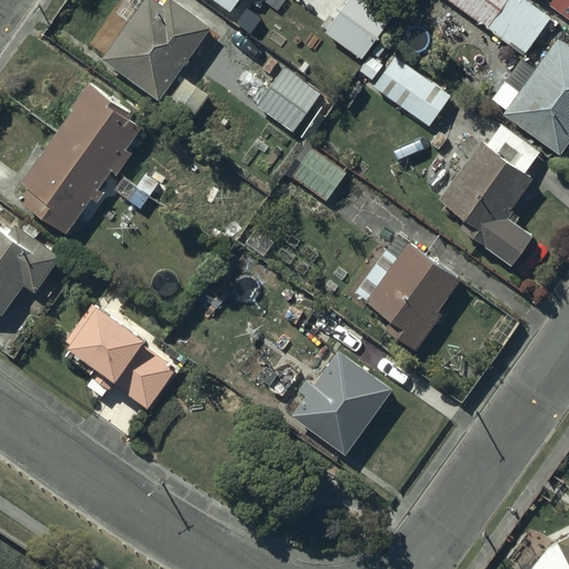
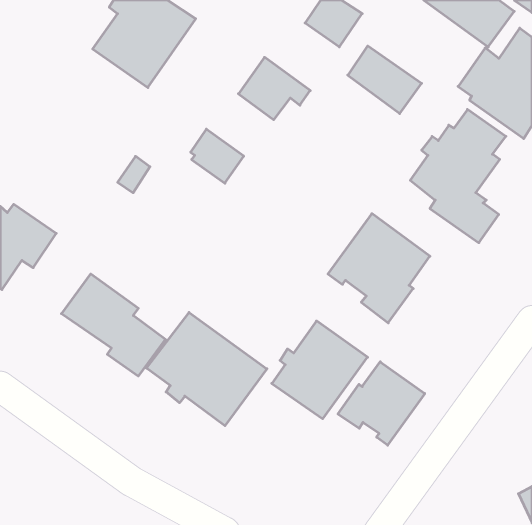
building: [20,83,142,234] -> none
building: [289,146,346,203] -> [191,129,244,183]
building: none -> [147,312,267,426]
building: none -> [338,362,425,445]

